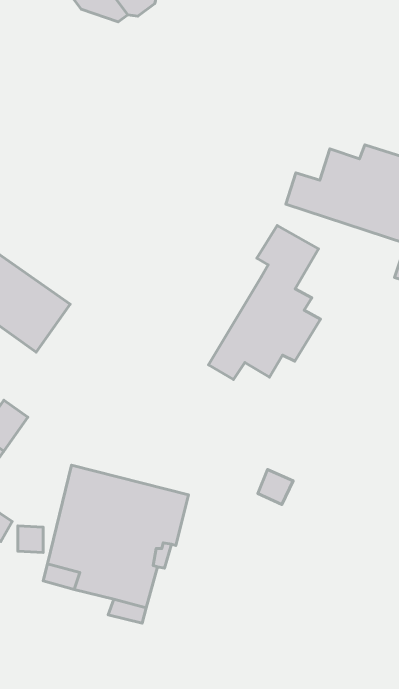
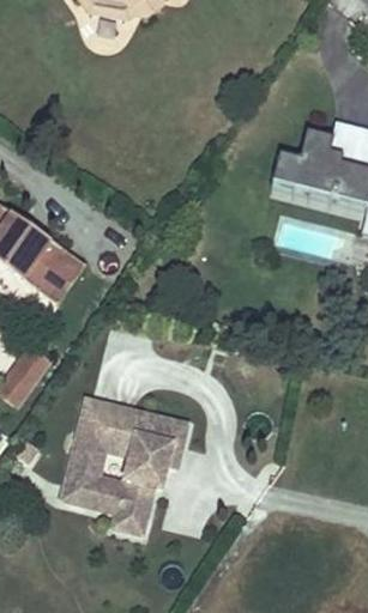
building: [209,225,321,379] -> none

